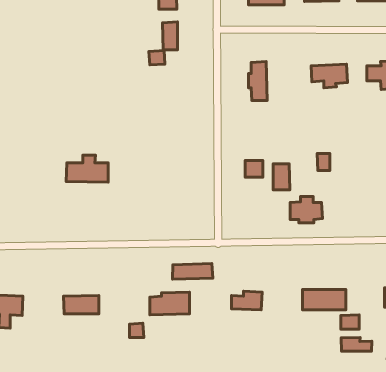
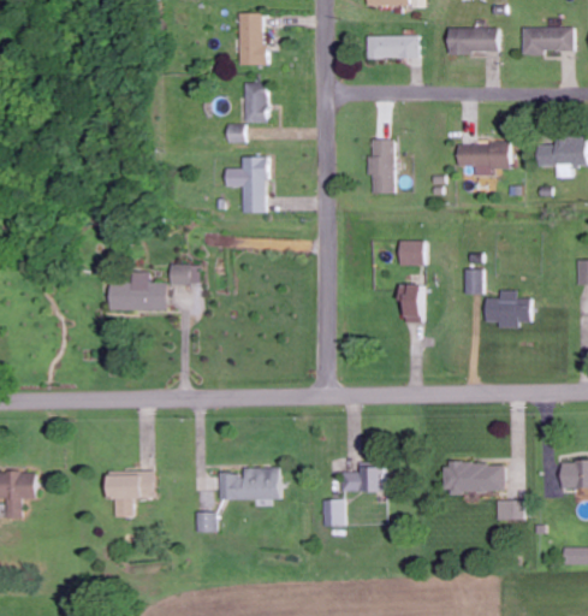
building: none -> [224,156,265,212]
building: none -> [170,265,200,284]
building: [245,160,263,177] -> [397,241,422,265]
building: [290,197,322,223] -> [485,290,530,327]
building: [173,263,213,279] -> none
building: none -> [323,499,345,526]
building: [341,338,372,351] -> none

